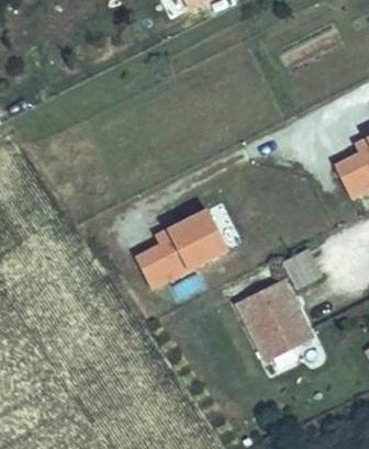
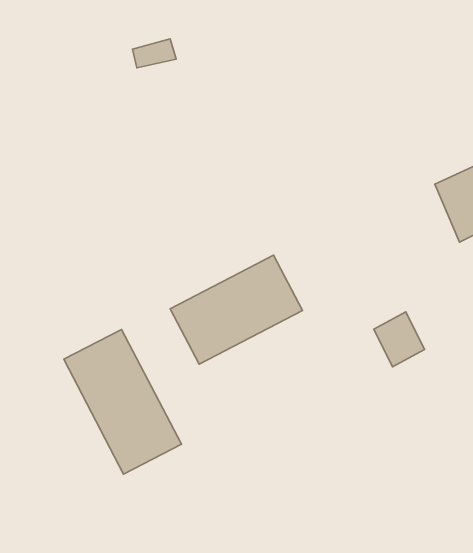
building: none -> [64,329,181,474]
building: [239,282,312,360] -> none

